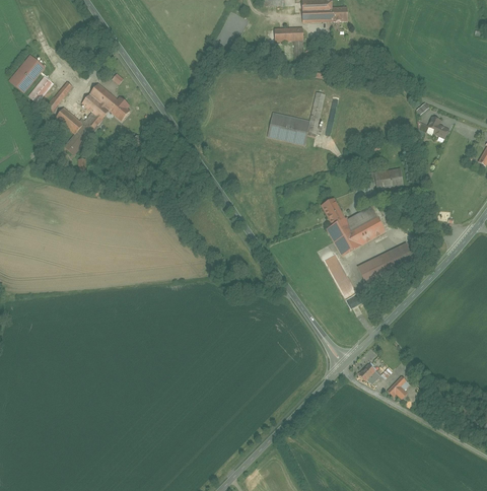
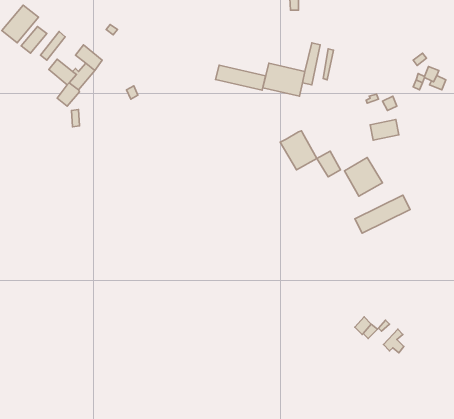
building: [90,83,131,120] -> none
building: none -> [216,65,265,90]
building: [327,216,363,255] -> [280,131,317,170]

